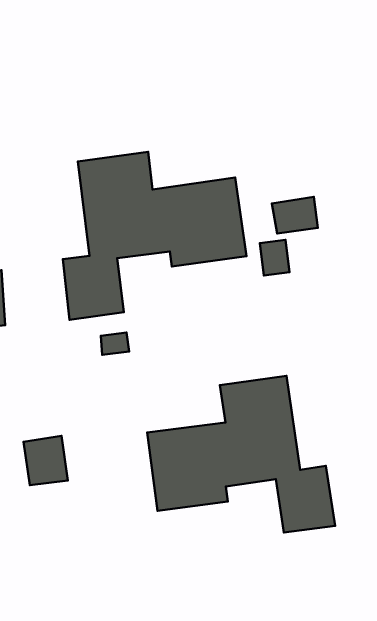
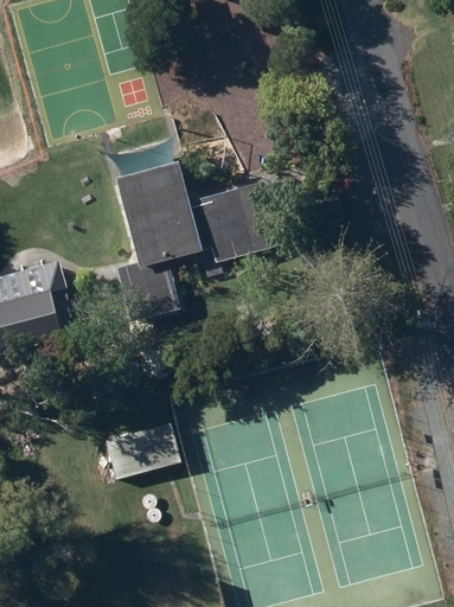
building: [147,376,335,533] -> none

